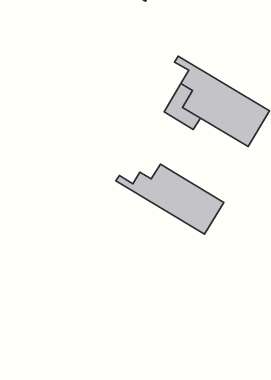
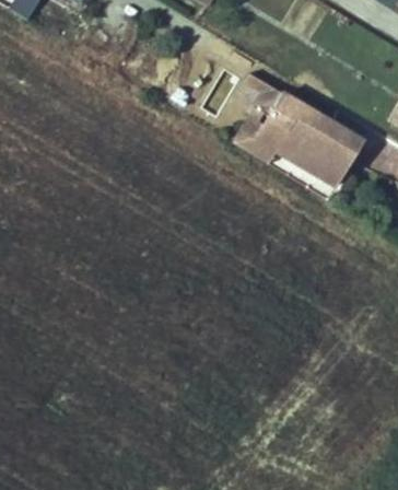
building: [116,164,224,234] -> none

